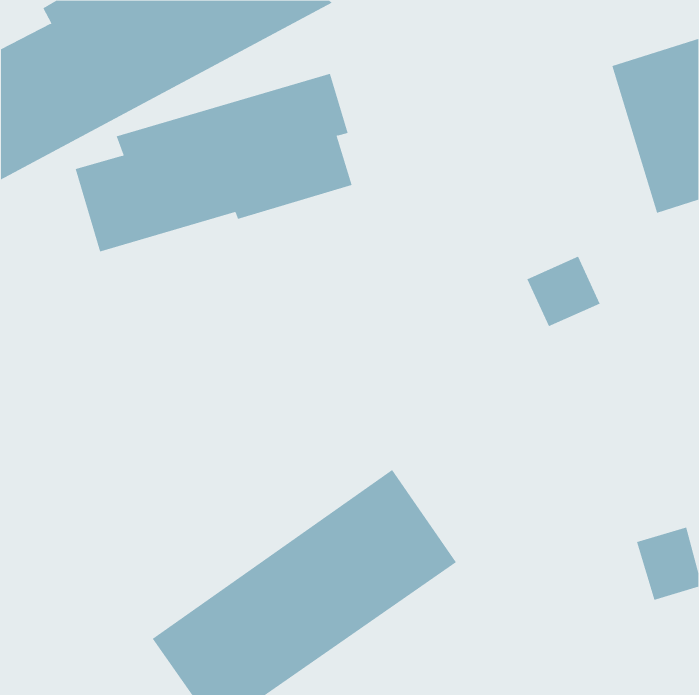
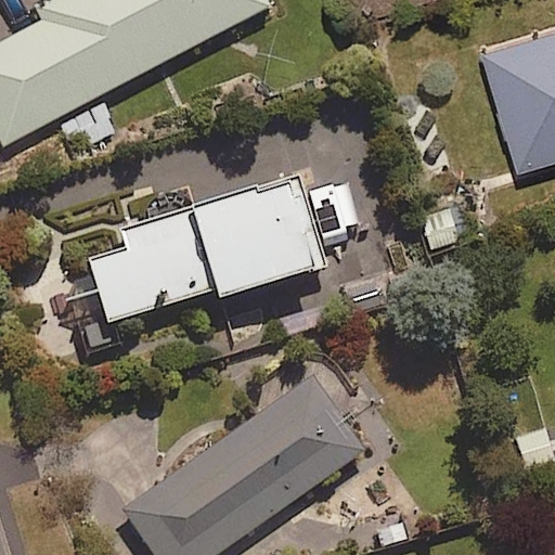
building: [75,73,353,252] -> [92,180,312,322]

